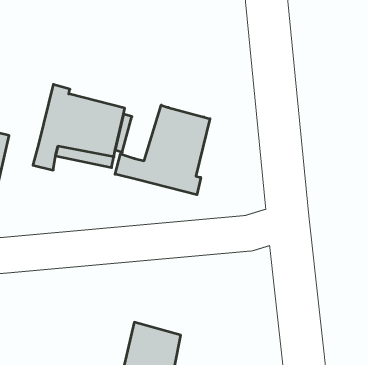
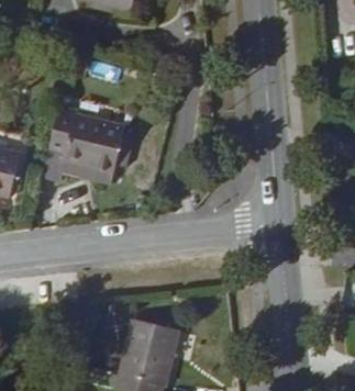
building: [115,105,210,195] -> none

